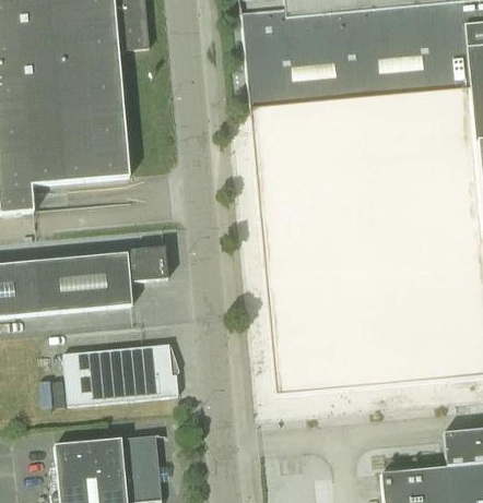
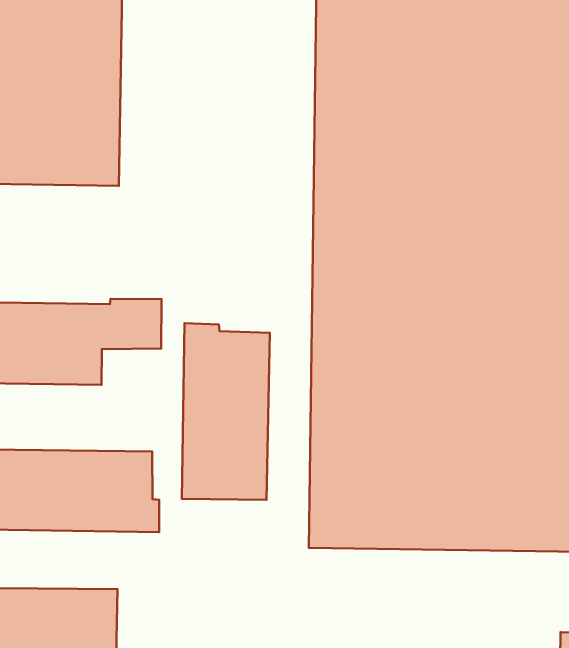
building: none -> [182,323,270,500]

